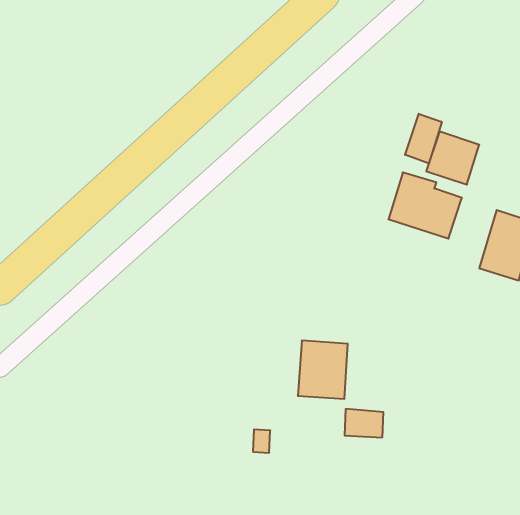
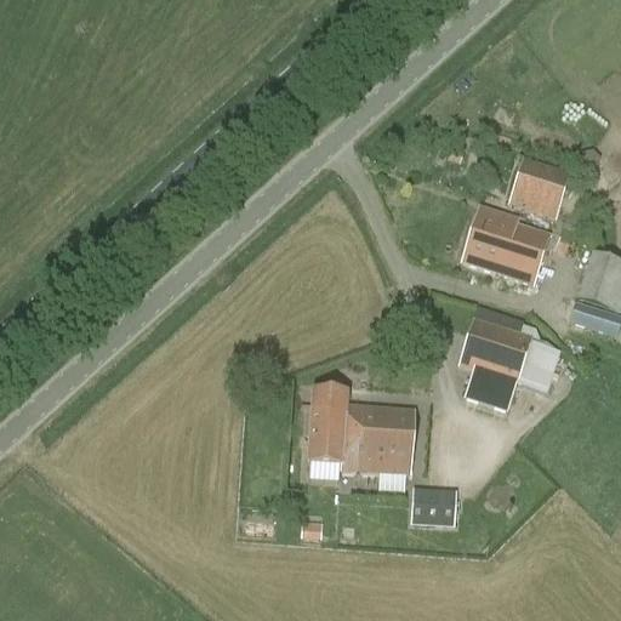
building: [405,114,442,163] -> none
building: none -> [457,315,560,410]
building: none -> [308,388,360,471]

